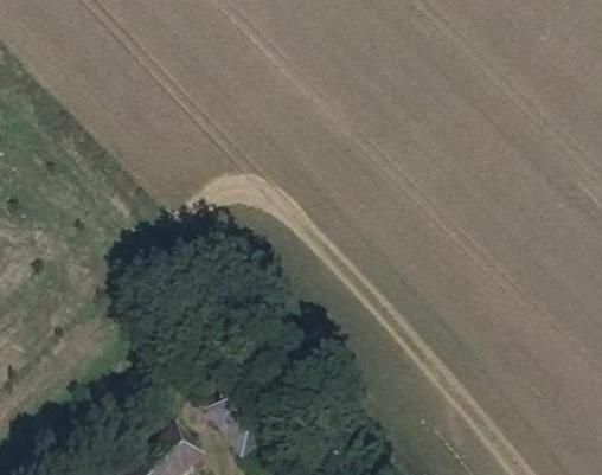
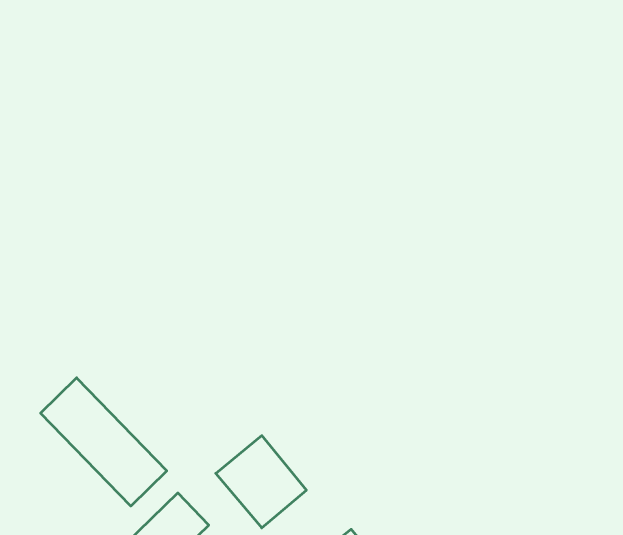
building: none -> [41,378,167,506]

